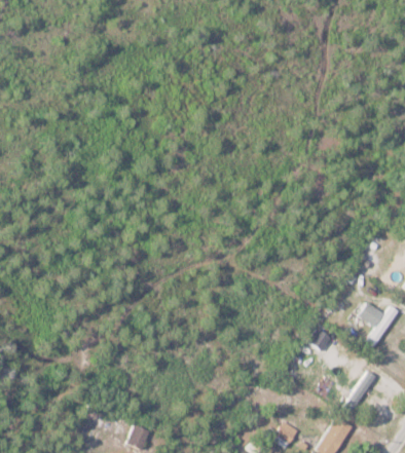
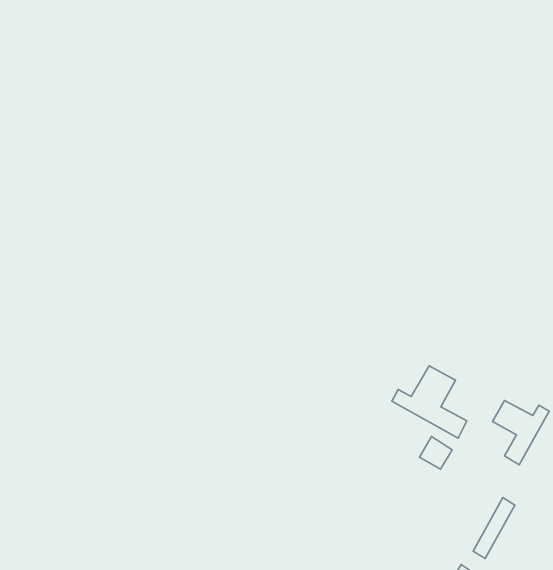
building: none -> [392,366,467,438]

